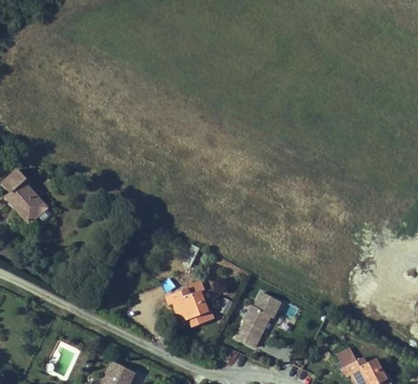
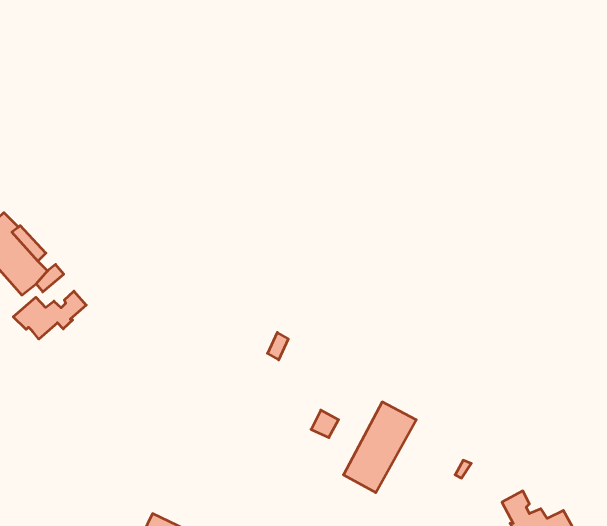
building: none -> [13,291,86,339]
building: [166,288,212,325] -> none

